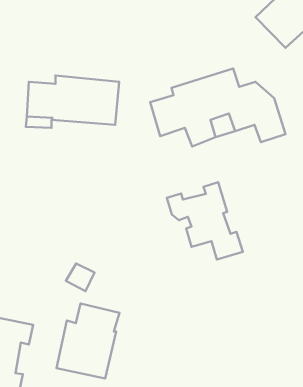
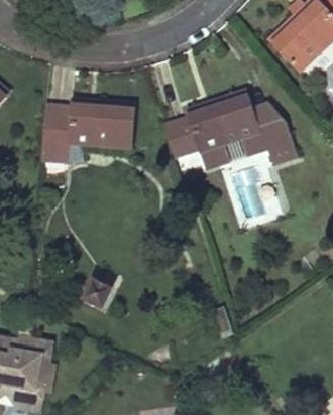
building: [167,182,243,260] -> none
building: [57,304,120,379] -> none

